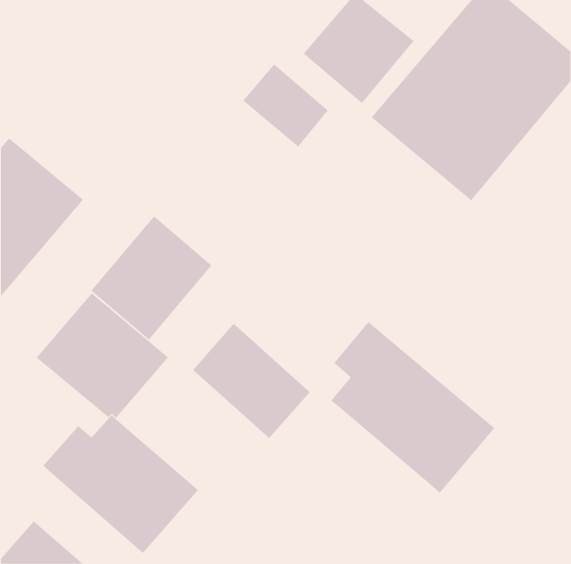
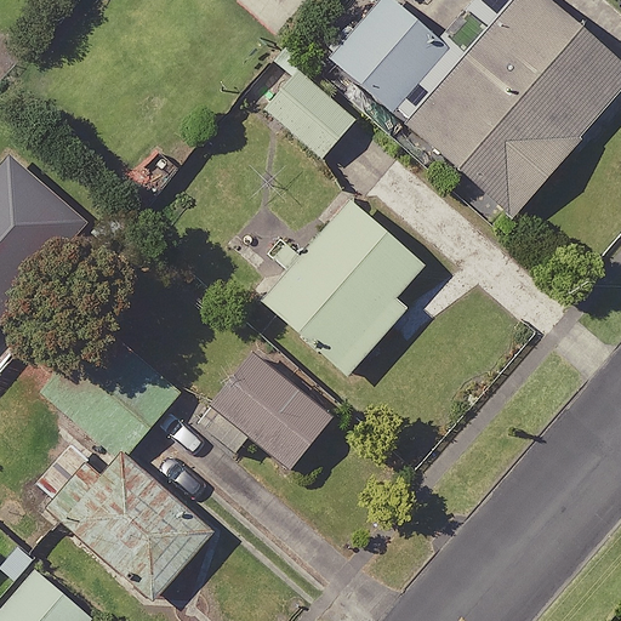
building: none -> [260,198,427,376]
building: [91,215,212,341] -> none
building: [331,321,495,493] -> none

